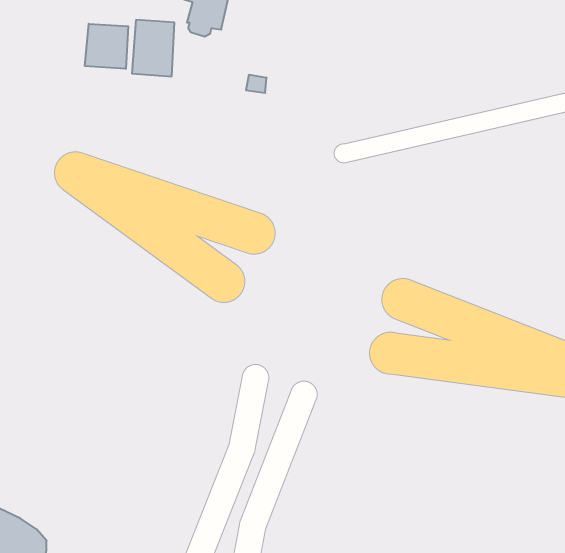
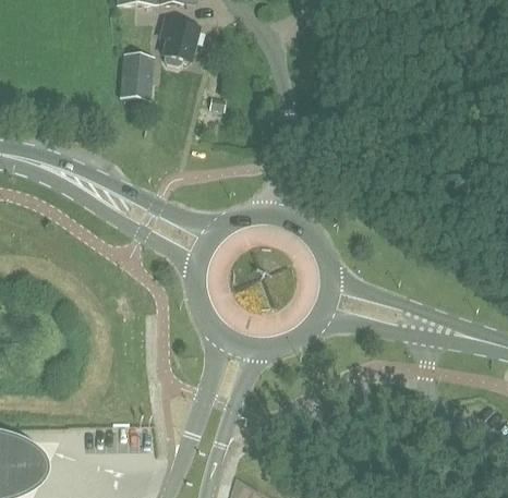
building: [85,24,128,69] -> none

